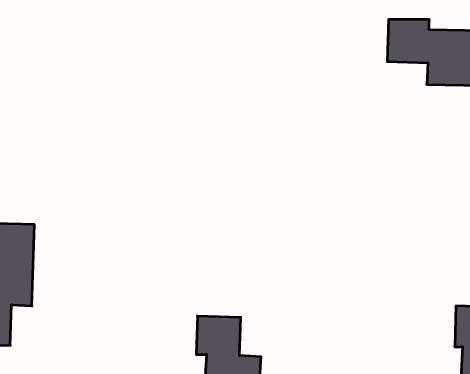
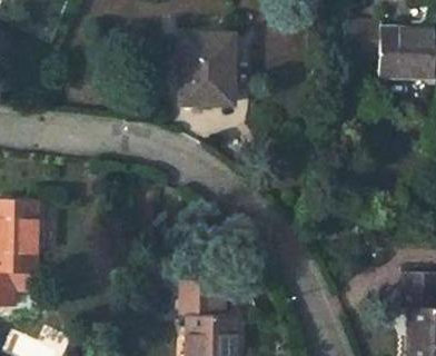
building: none -> [179,36,231,97]

